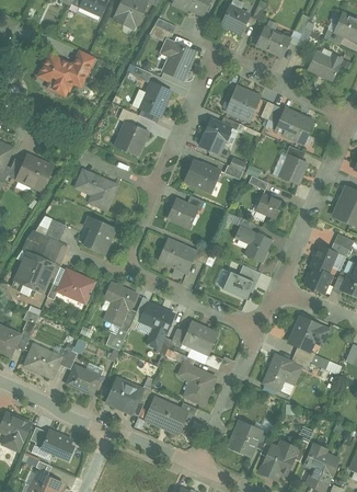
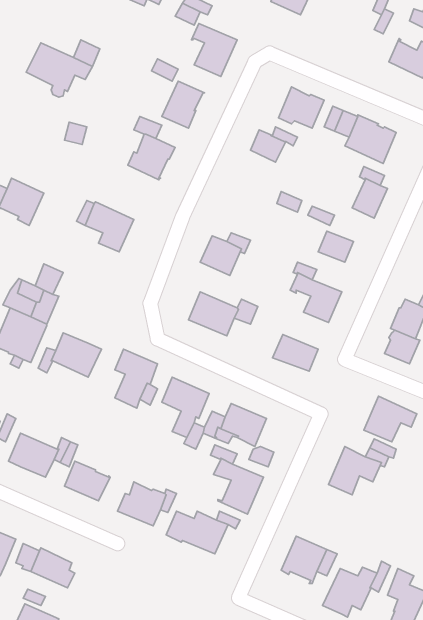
building: [256,26,290,56] -> none
building: [184,161,220,190] -> none
building: [83,217,115,253] -> none

